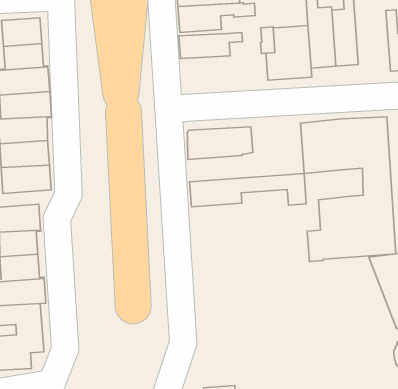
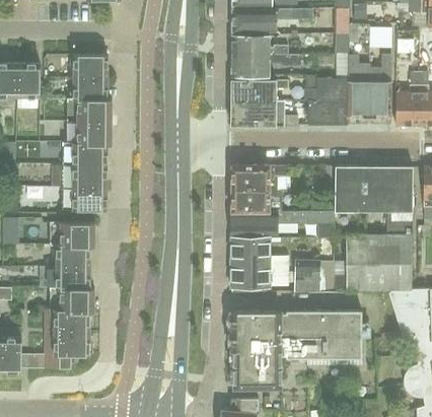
building: none -> [394,70,418,125]
building: none -> [230,99,297,125]
building: none -> [230,191,280,211]
building: none -> [230,237,270,286]
building: none -> [285,262,333,290]
building: none -> [226,309,361,388]

